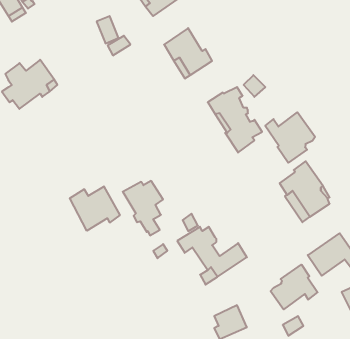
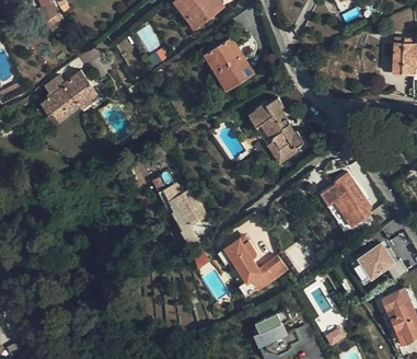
building: [265,112,315,163] -> none
building: [70,186,120,231] -> none
building: [271,265,318,309] -> none

